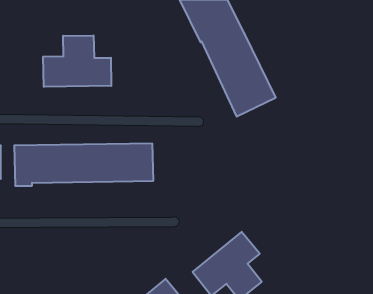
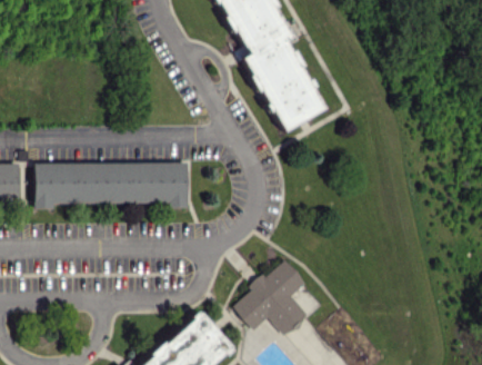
building: [43,35,111,87] -> none

